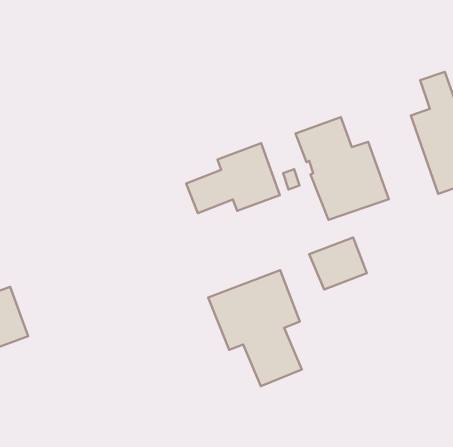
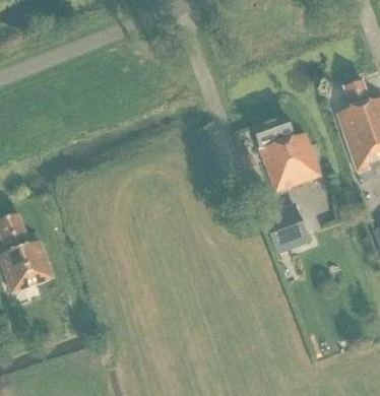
building: [186,143,280,213] -> none
building: [208,270,302,386] -> none

